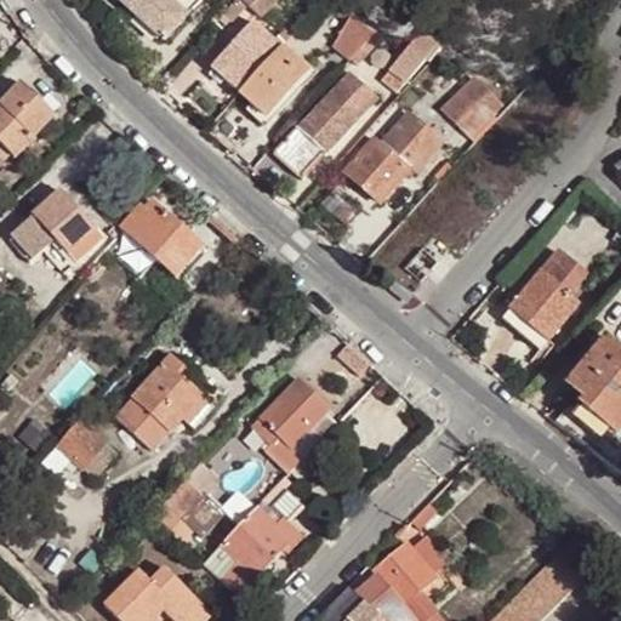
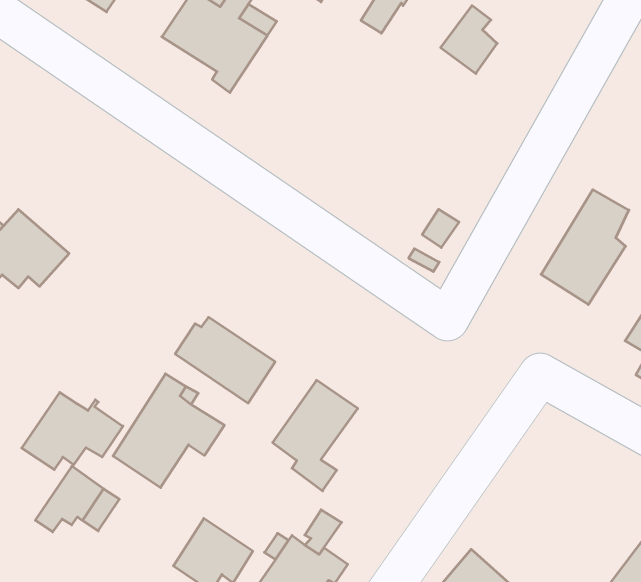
building: [272,72,372,178] -> none
building: [338,114,441,201] -> none
building: [119,199,203,277] -> [175,317,275,403]
building: none -> [22,392,123,470]

